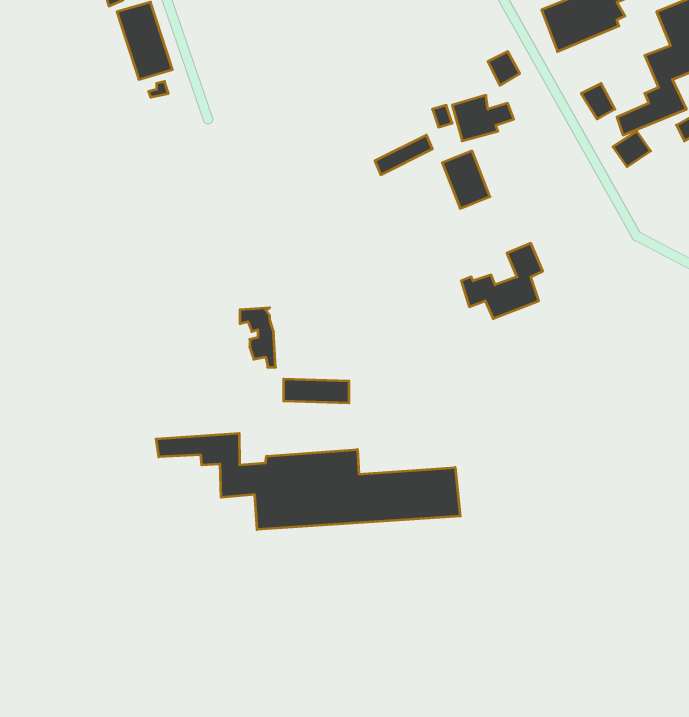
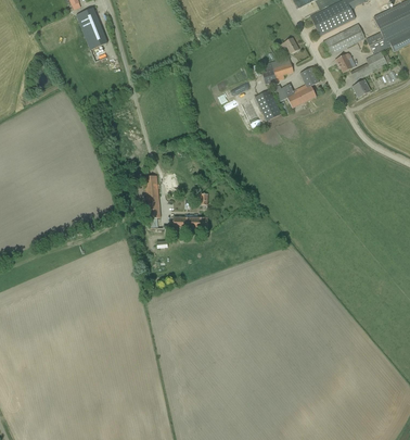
building: none -> [326,22,366,52]
building: [461,243,543,319] -> [274,65,319,106]
building: [156,433,460,530] -> none

